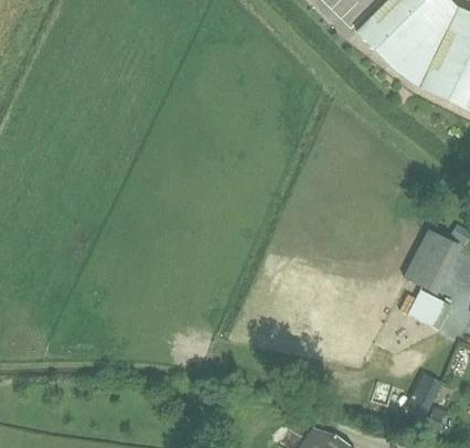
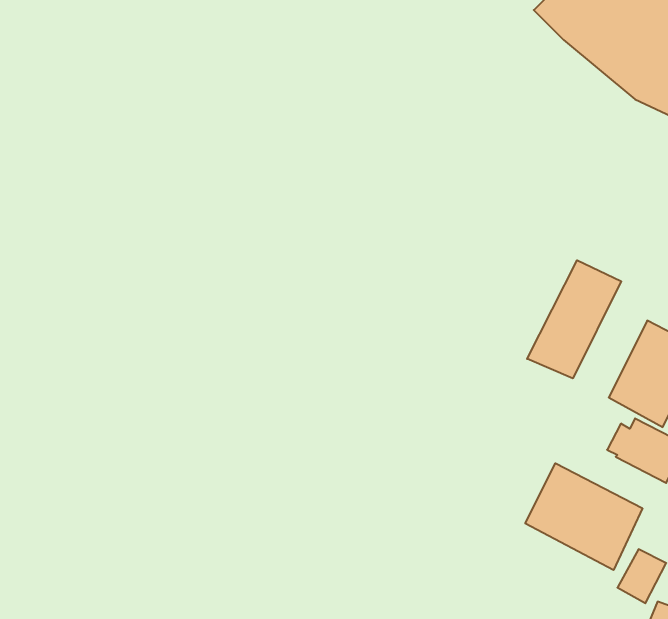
building: none -> [527,260,621,378]
building: none -> [525,463,642,570]

